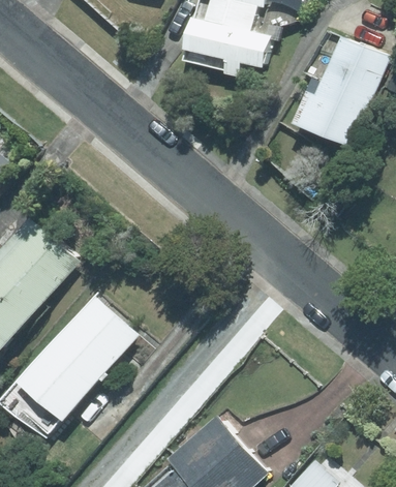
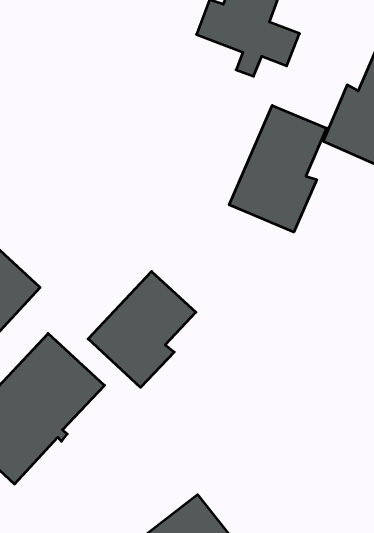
building: none -> [229,105,327,232]
building: none -> [88,271,196,387]

